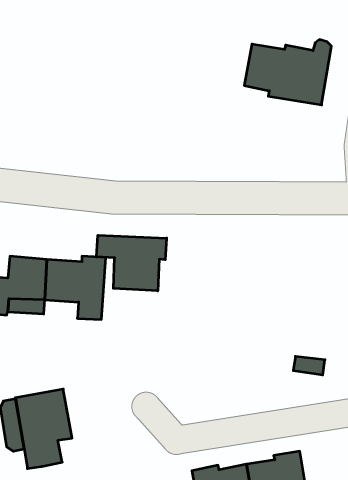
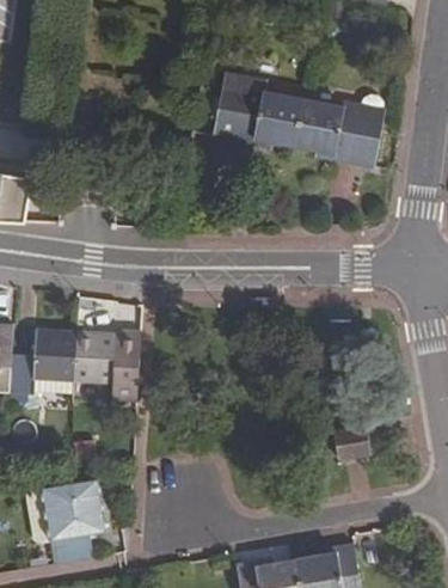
building: none -> [211,76,303,142]
building: [97,235,167,291] -> none

